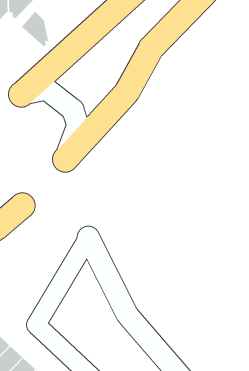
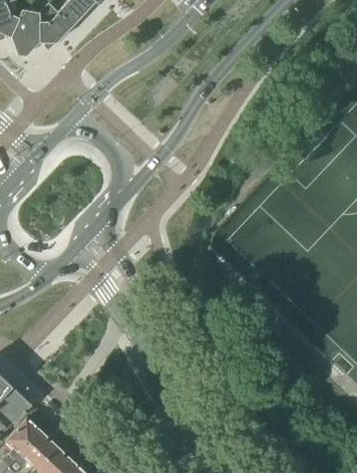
building: [21,11,49,48] -> none

